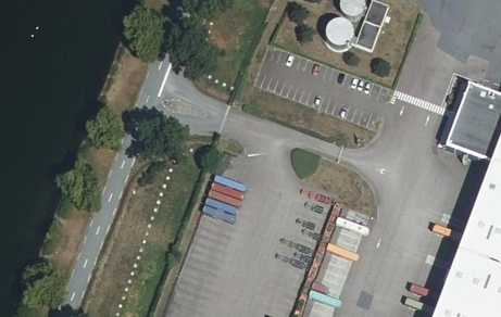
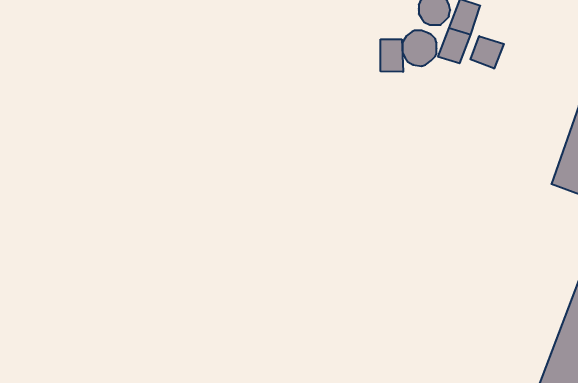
building: none -> [470,36,504,69]
building: none -> [381,39,403,72]

